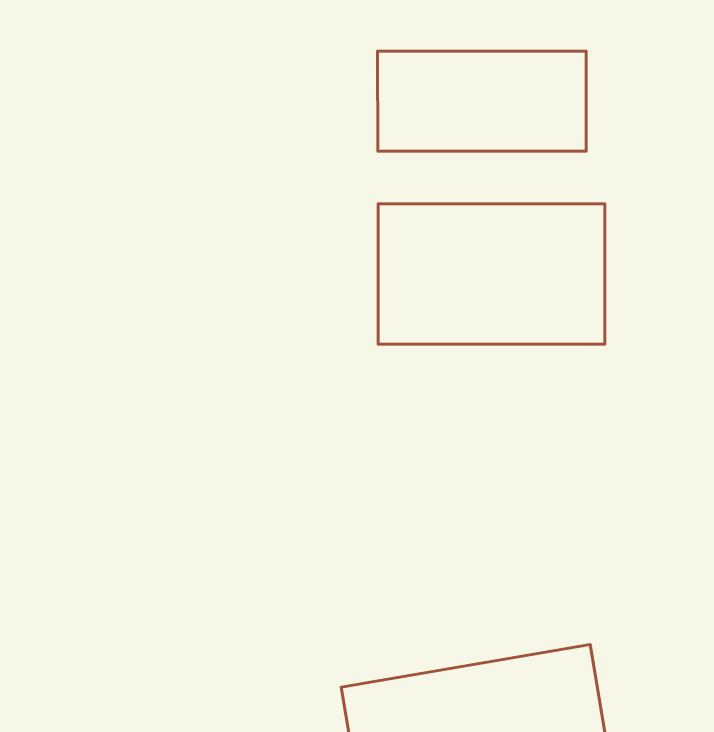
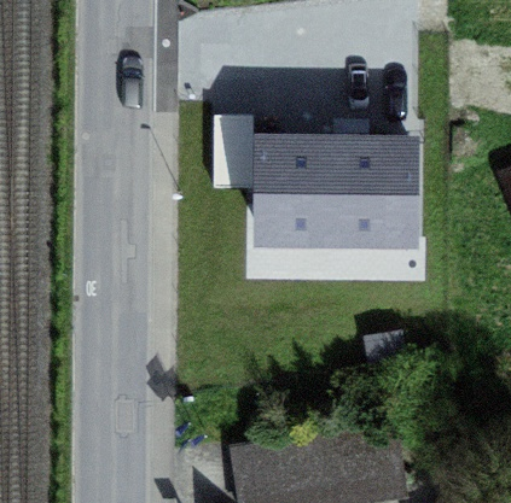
building: [378,51,586,151] -> none

